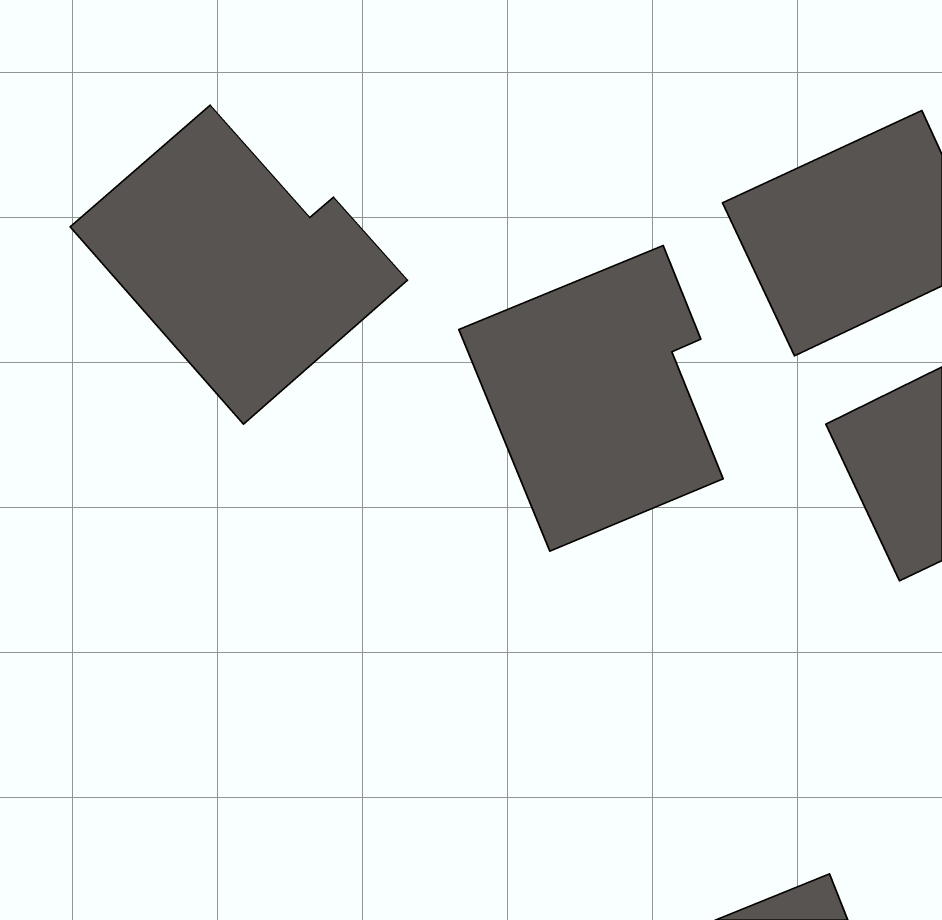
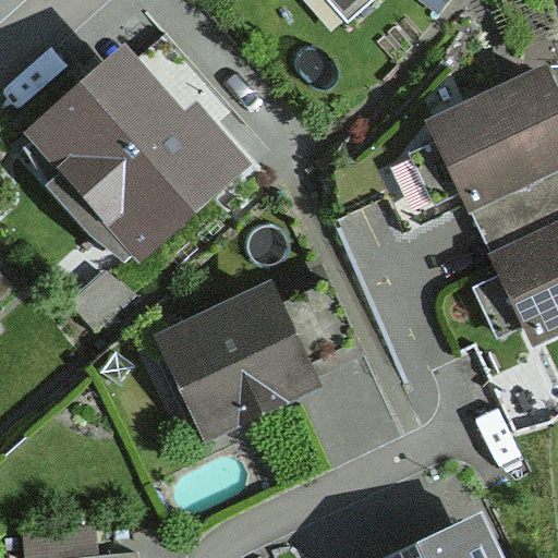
building: [459,245,723,551] -> none
building: none -> [169,299,305,422]

